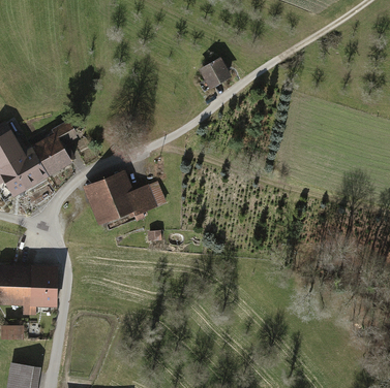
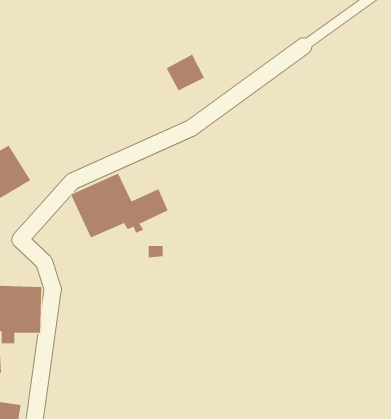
building: [198,56,231,88] -> [166,54,205,91]
building: [30,121,78,176] -> none

